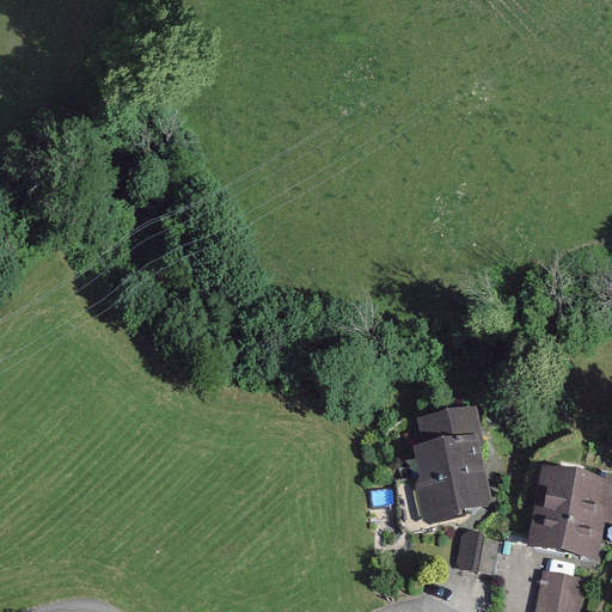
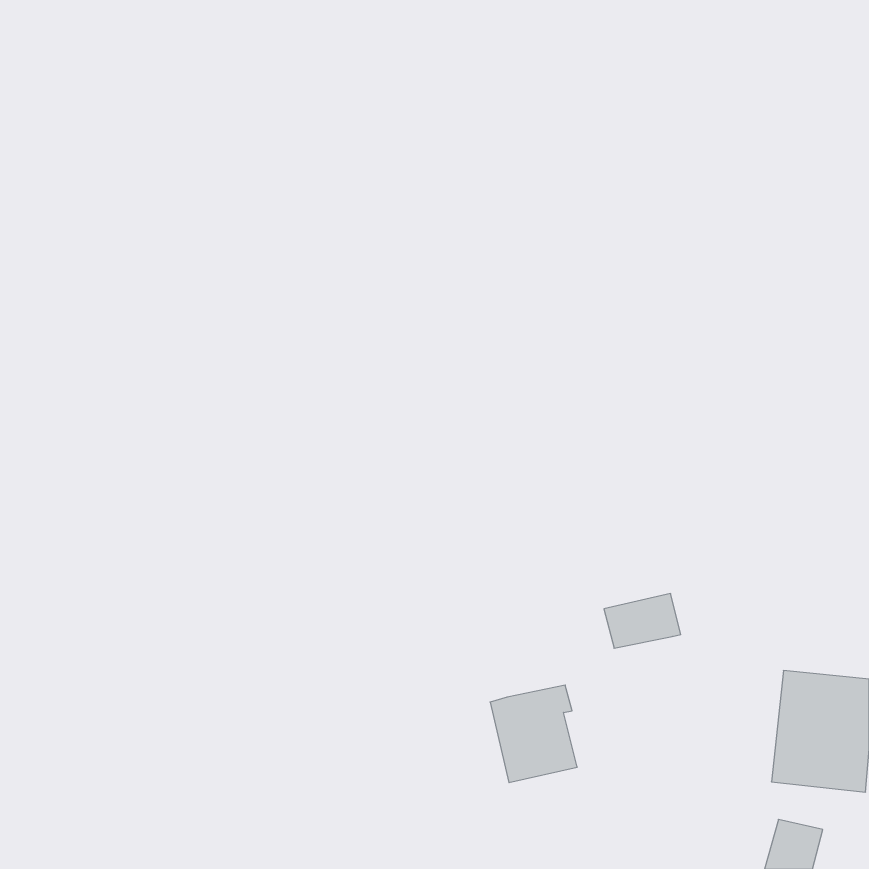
building: [417,445,478,513] -> [490,685,577,783]
building: [455,531,491,574] -> none

